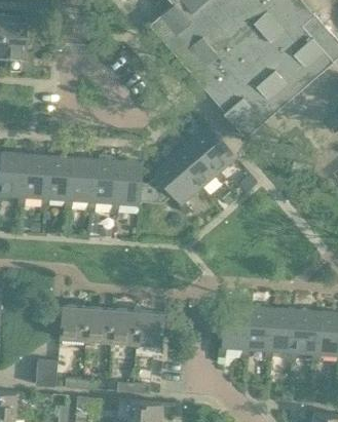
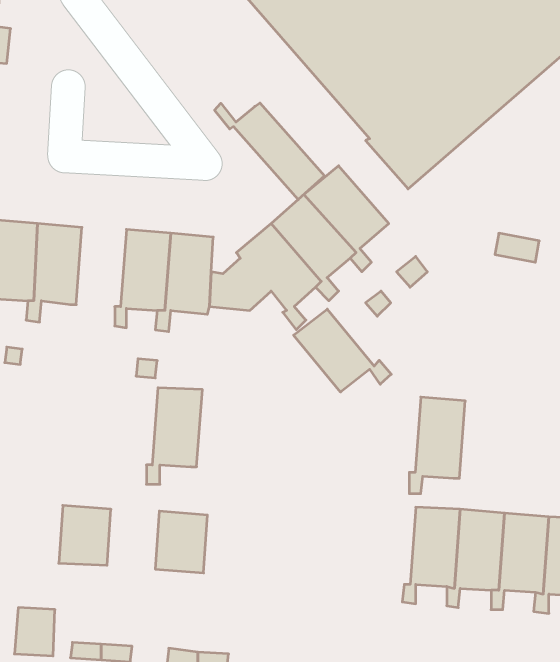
building: none -> [215,103,325,200]
building: [66,158,96,209] -> [146,388,202,484]
building: none -> [294,309,391,392]
building: [220,305,250,356] -> [409,397,465,494]
building: [85,308,113,340] -> none
building: [137,311,165,344] -> none

